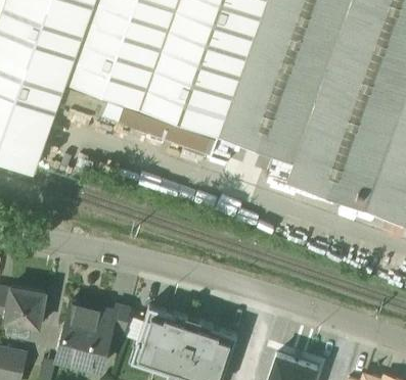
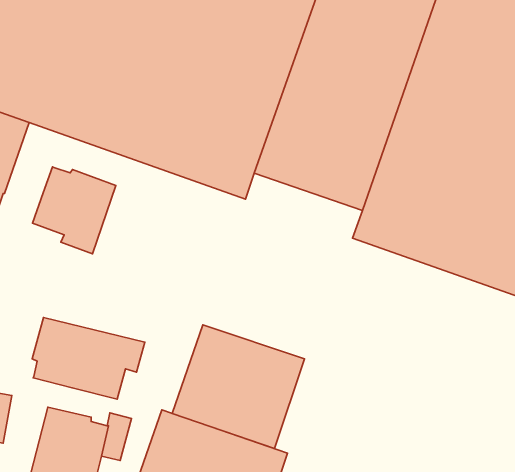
building: none -> [32,167,116,254]
building: none -> [32,317,145,399]
building: none -> [172,325,304,448]

